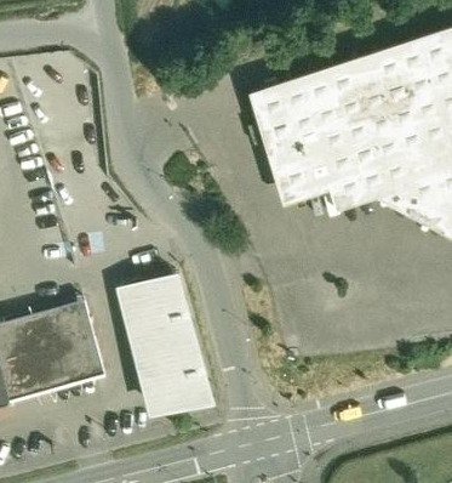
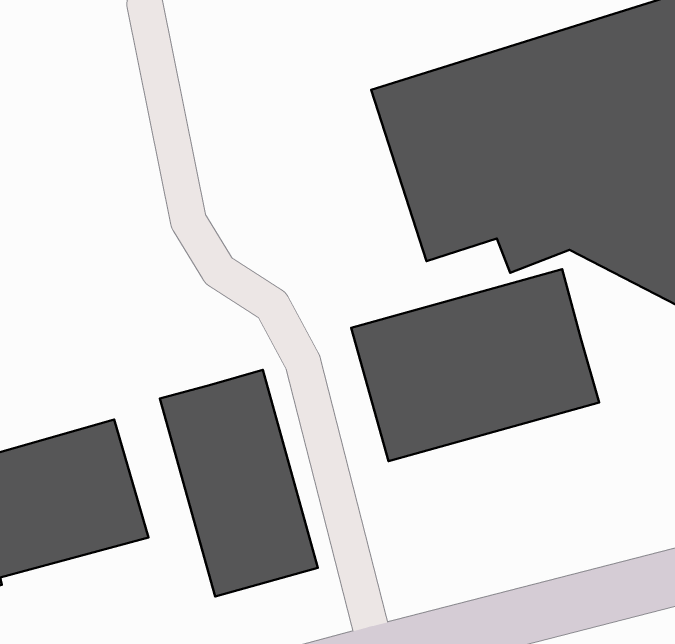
building: none -> [351,269,599,461]

